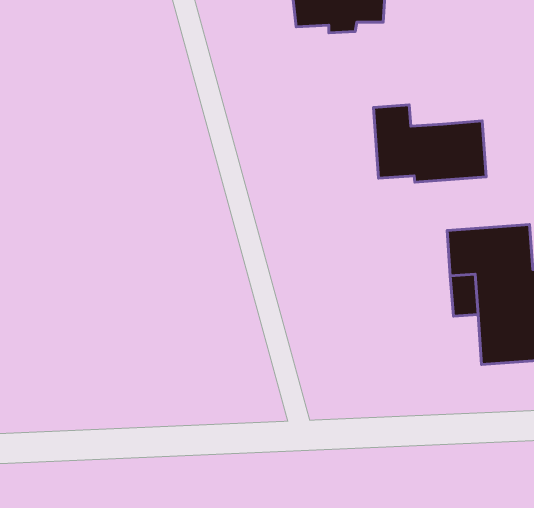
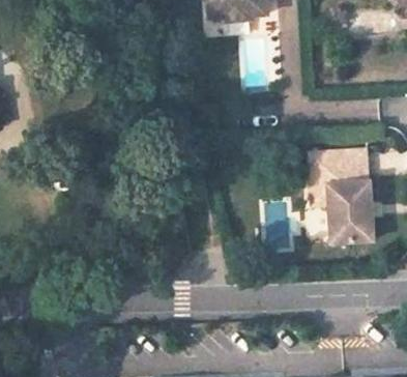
building: [374,105,486,182] -> none

